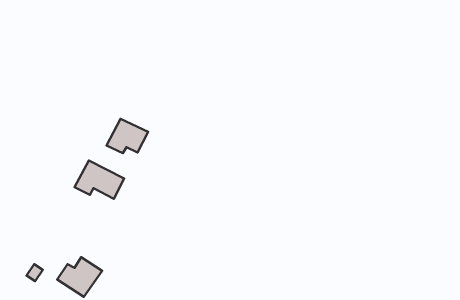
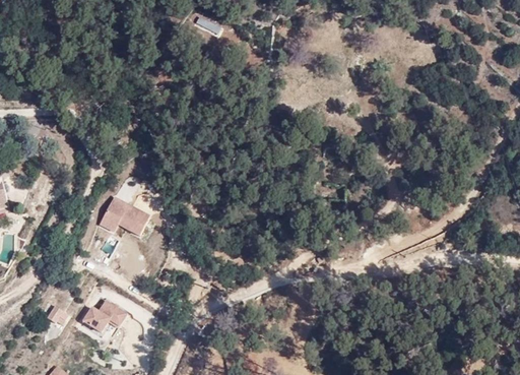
building: [107,119,148,153] -> none

